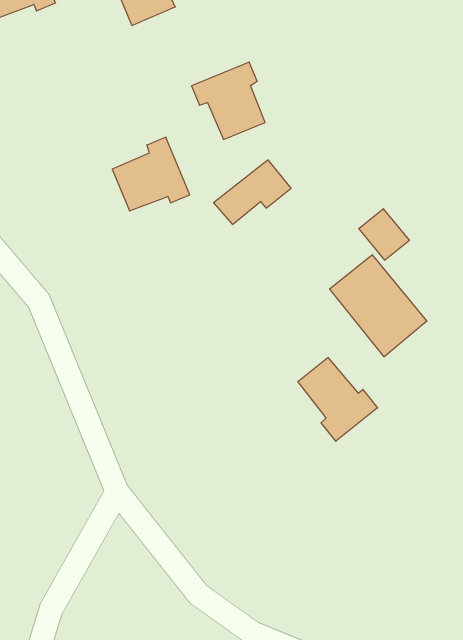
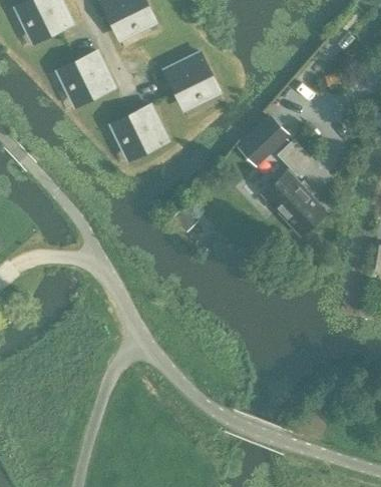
building: none -> [63,52,114,100]
building: [214,160,291,224] -> [239,118,288,161]
building: [298,358,378,441] -> none

